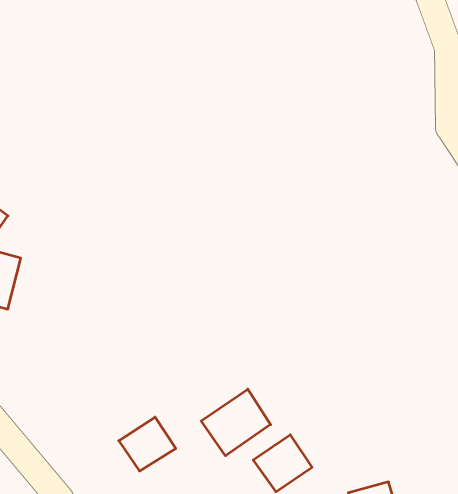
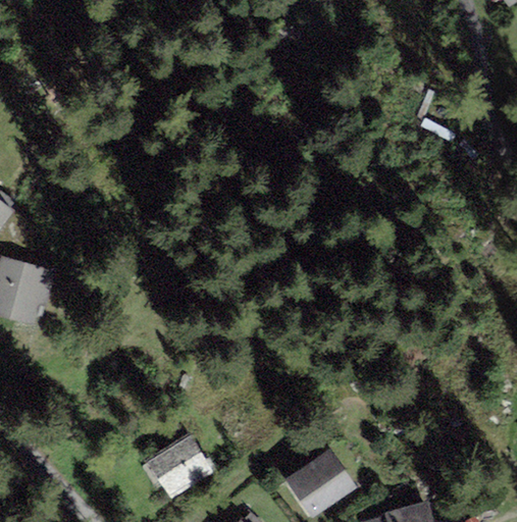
building: [201,389,271,456] -> none

